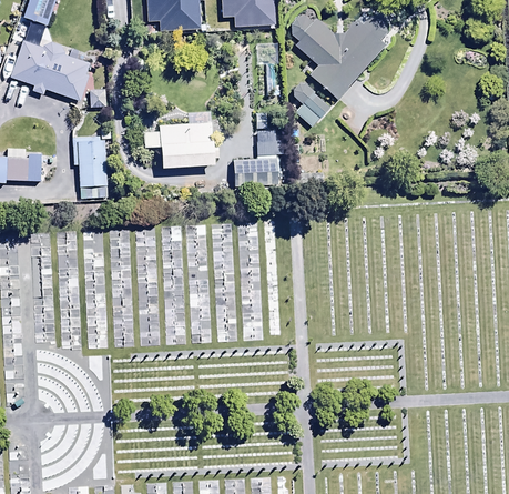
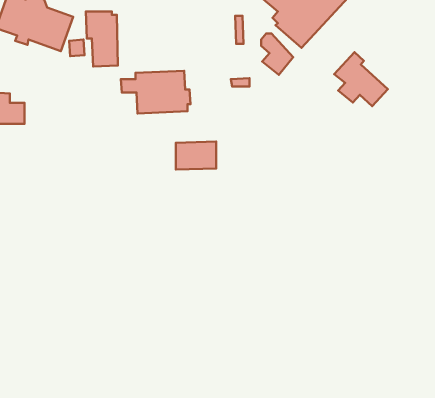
building: none -> [334,52,388,106]
building: [72,135,106,194] -> [86,12,118,67]
building: [234,157,277,186] -> [176,142,216,170]

